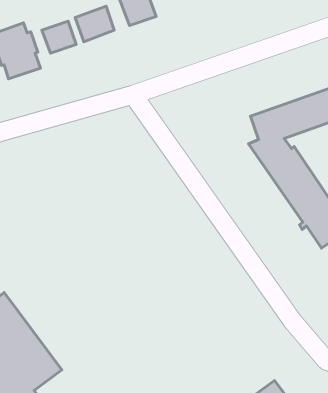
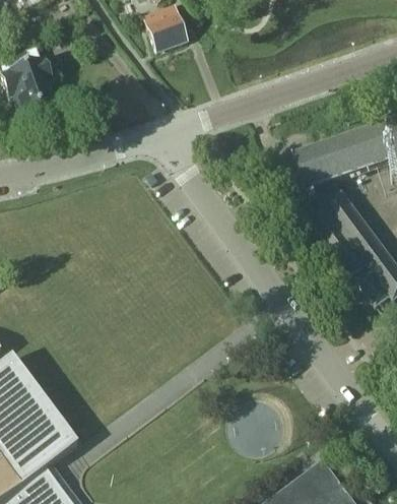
building: [75,6,114,42] -> none
building: [42,21,76,53] -> none

